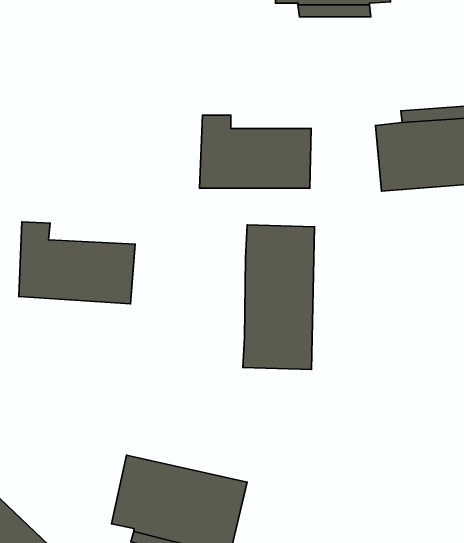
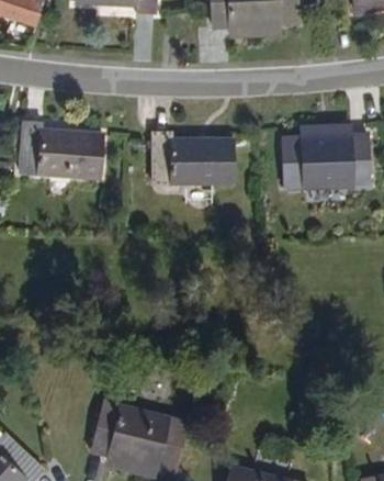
building: [19,222,135,304] -> [21,115,106,176]
building: [243,225,314,370] -> none

